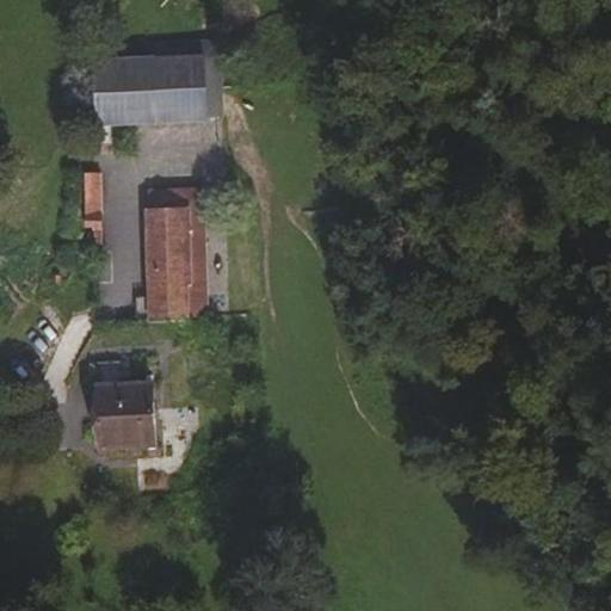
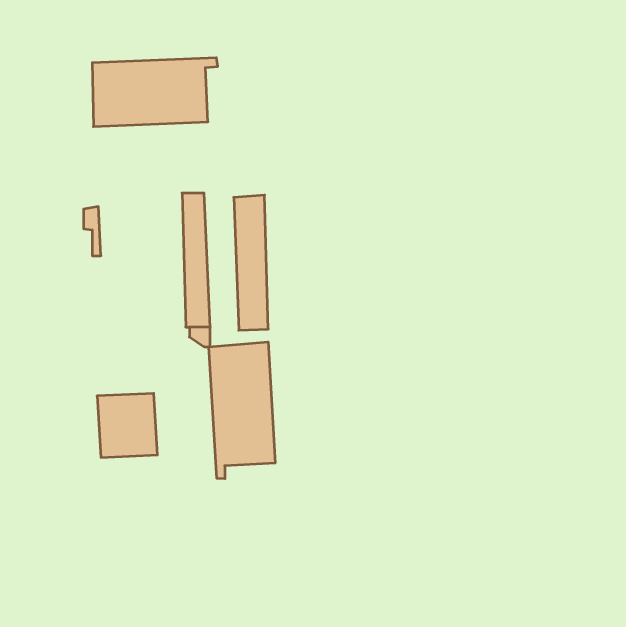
building: [147,187,180,319] -> [234,195,268,330]
building: none -> [209,342,275,479]

